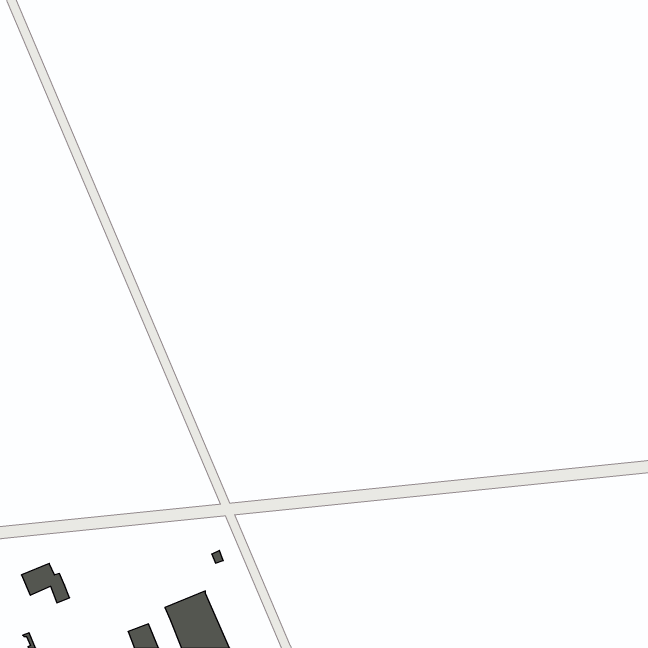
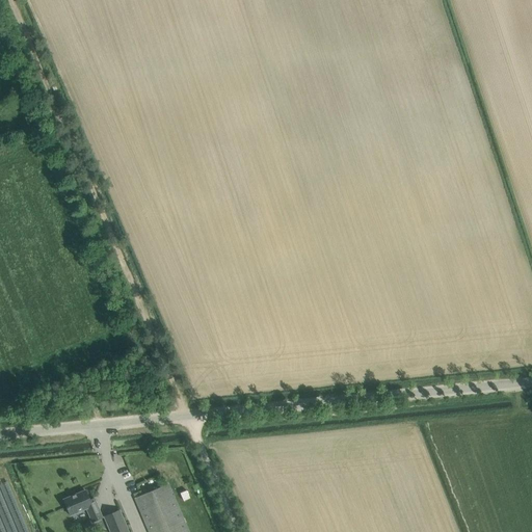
building: [21,563,70,603] -> [62,490,102,523]

